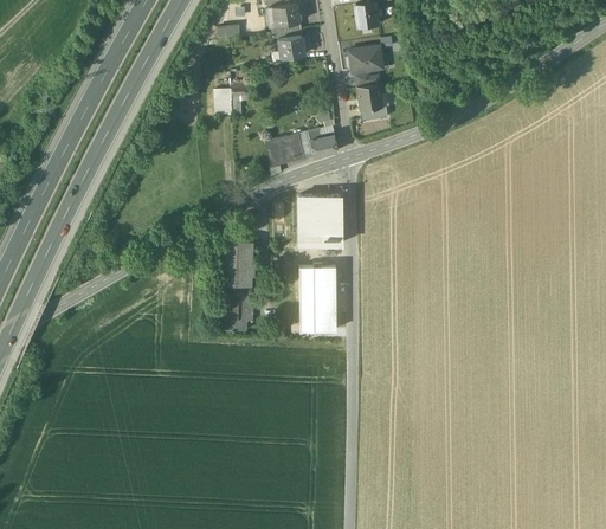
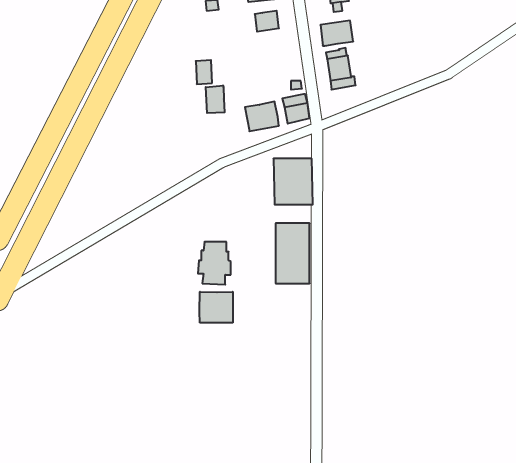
building: none -> [206,85,225,113]
building: [220,239,253,285] -> none
building: none -> [199,292,233,323]

